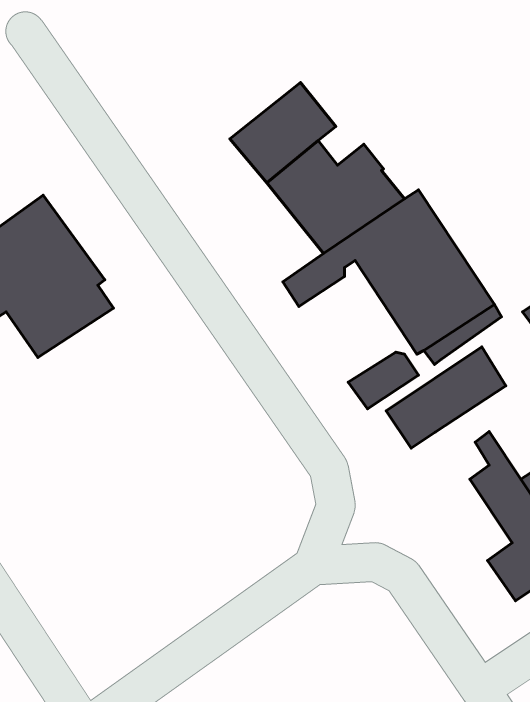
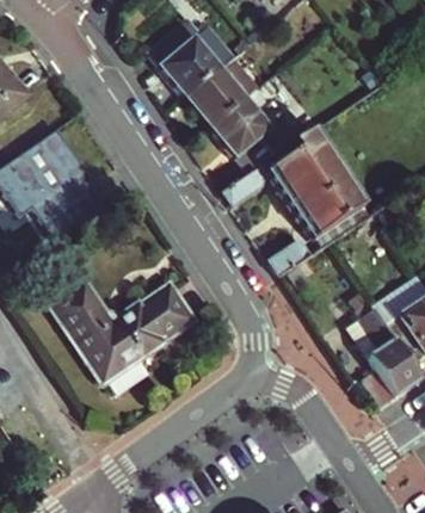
building: none -> [146,20,234,94]
building: [386,347,506,448] -> none
building: none -> [50,284,190,384]

